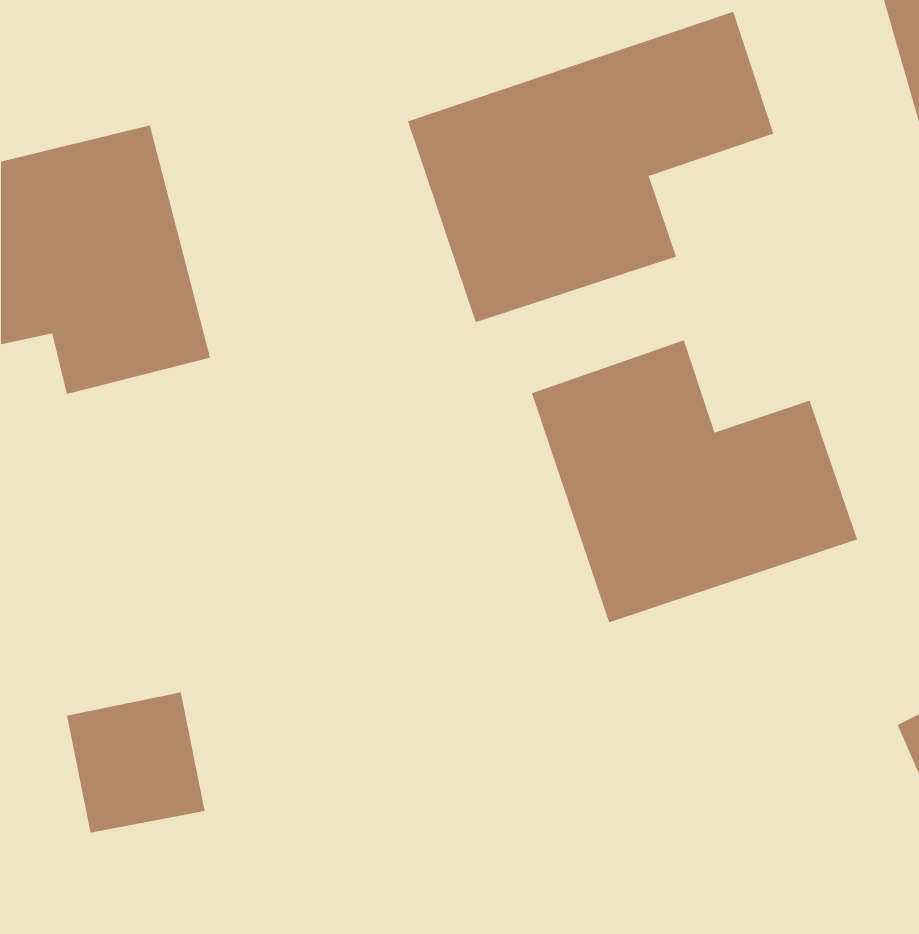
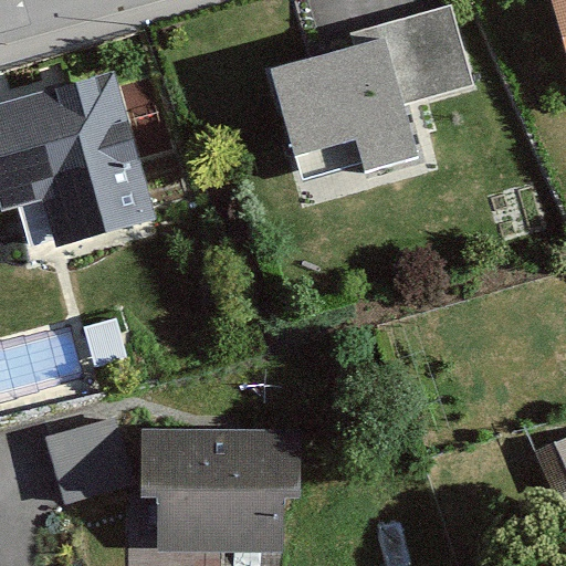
building: [531,339,858,623] -> none
building: none -> [151,429,295,555]

